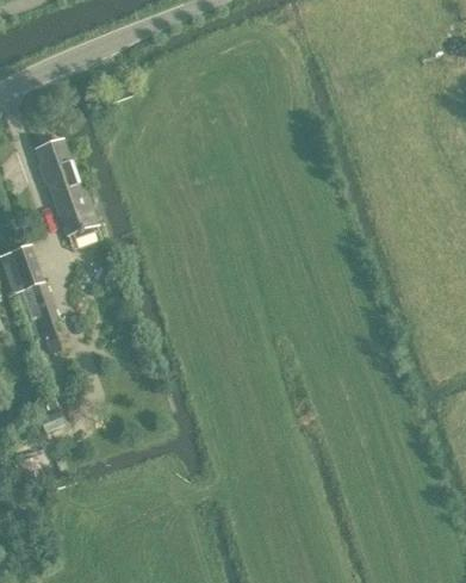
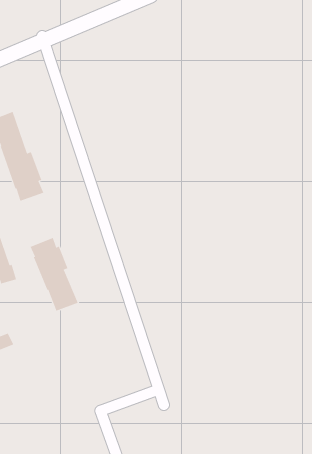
building: none -> [30,237,78,311]

